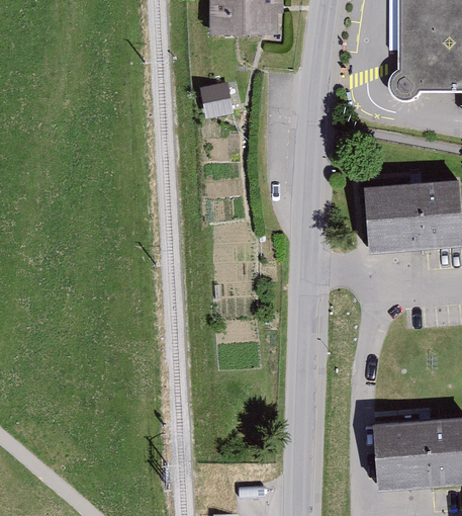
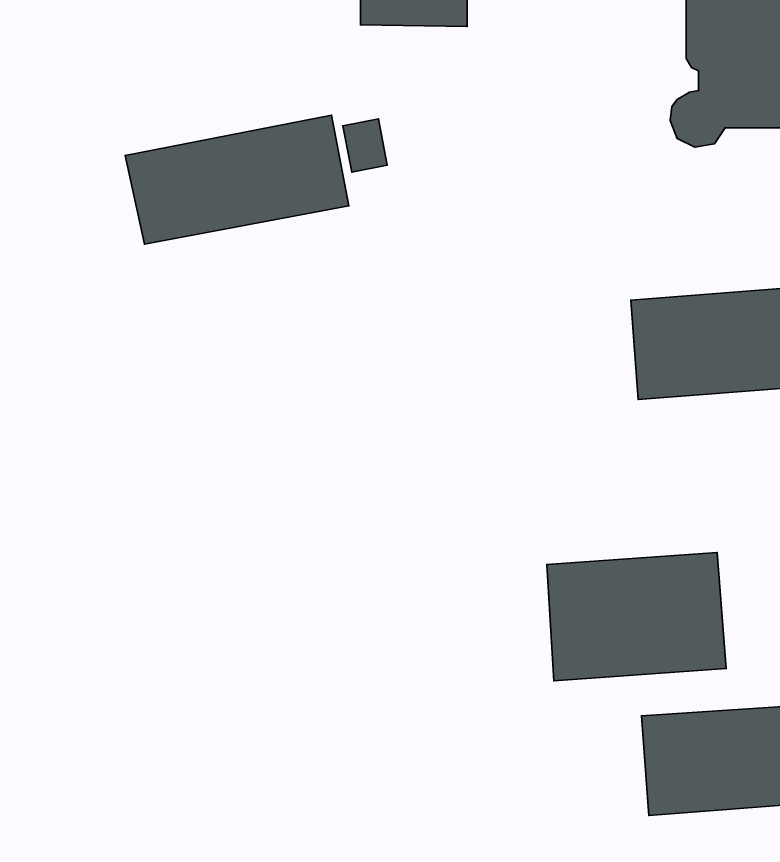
building: none -> [125,115,349,244]
building: none -> [547,553,726,681]

